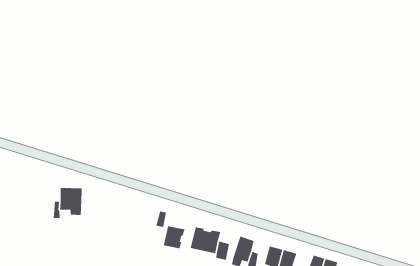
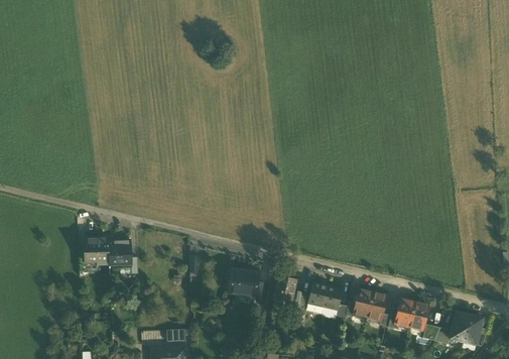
building: none -> [108,239,132,267]
building: [163,225,185,249] -> none

